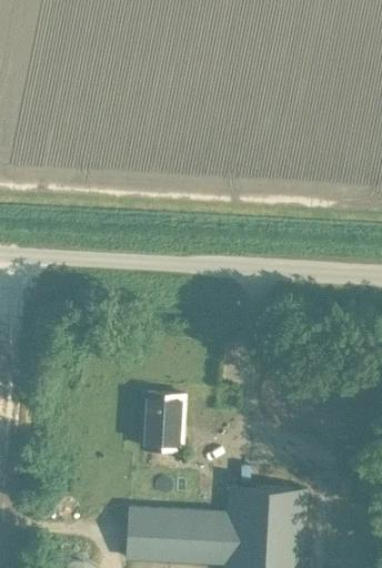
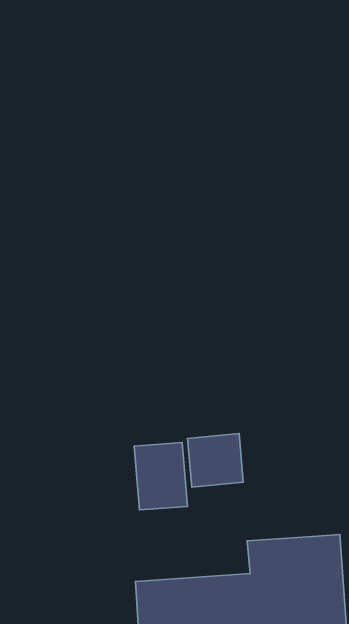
building: none -> [188,434,243,487]

